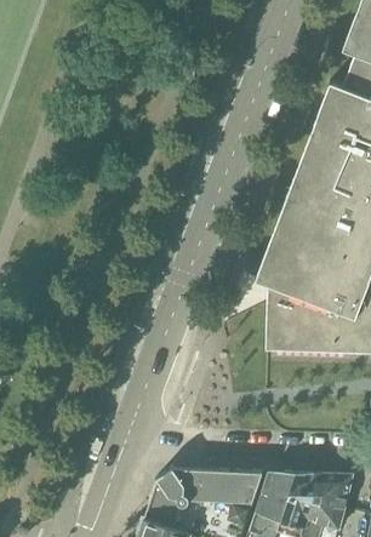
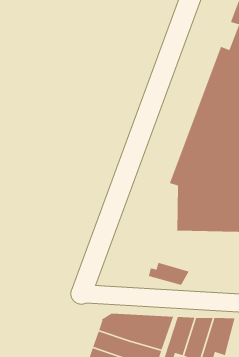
building: none -> [148,262,190,286]

